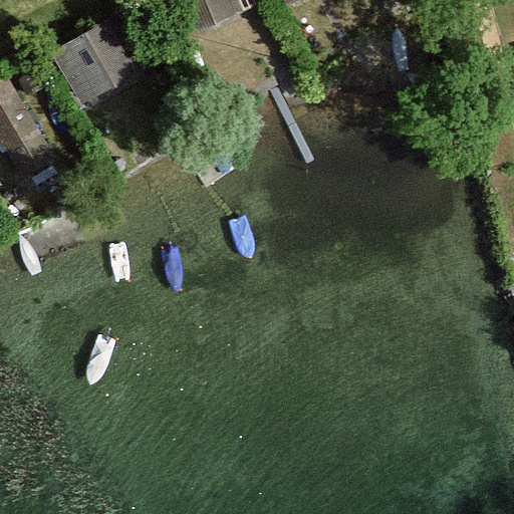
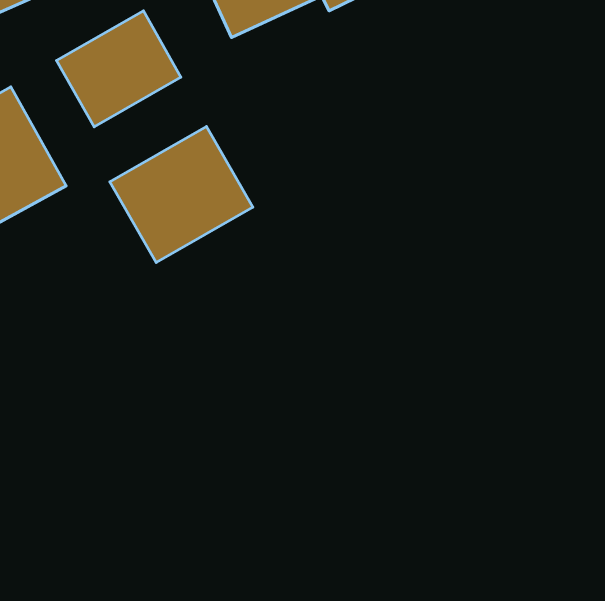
building: none -> [110,127,253,262]

